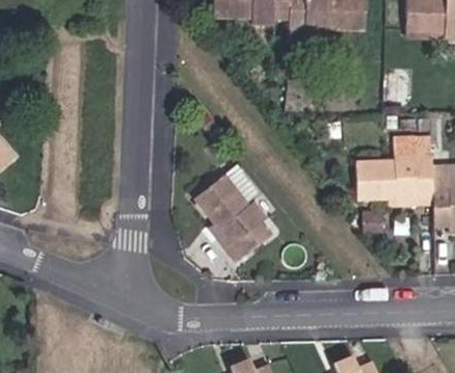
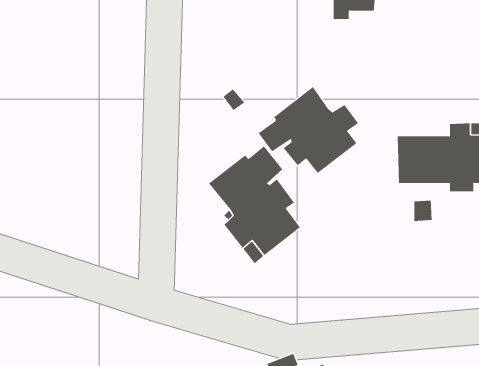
building: none -> [258,86,359,174]

